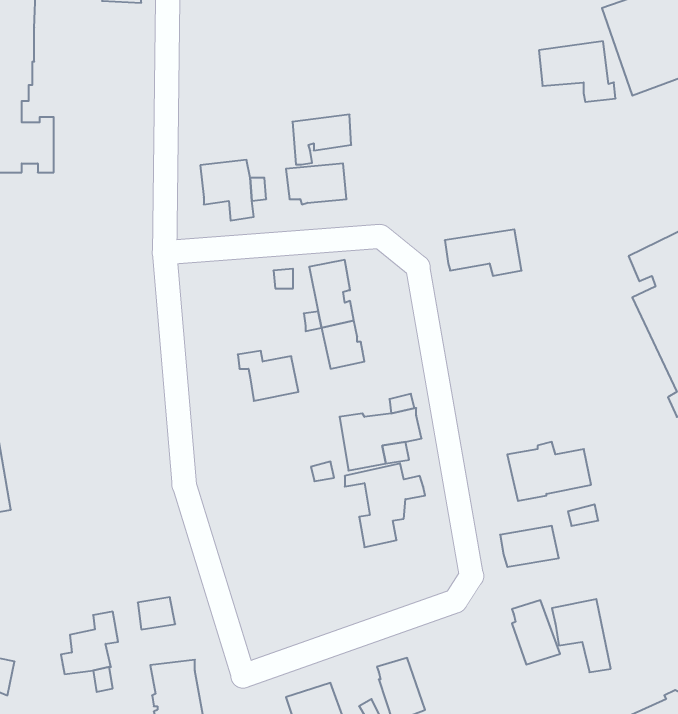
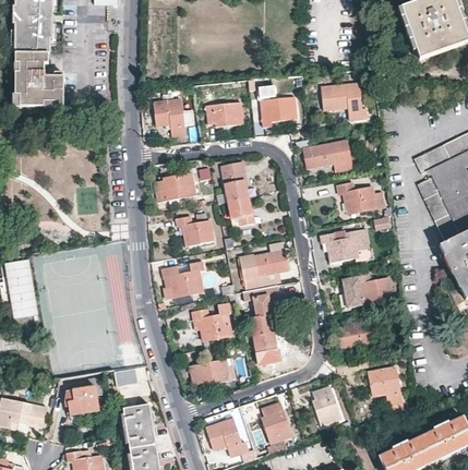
building: [539,41,616,102] -> [320,82,367,119]
building: [292,115,351,165] -> [260,96,296,126]
building: none -> [154,171,195,203]
building: none -> [337,183,383,213]
building: none -> [319,227,369,263]
building: none -> [163,261,204,298]
building: none -> [192,305,230,340]
building: none -> [253,332,278,362]
building: none -> [188,353,232,385]
building: [512,600,560,665] -> [311,386,340,425]

